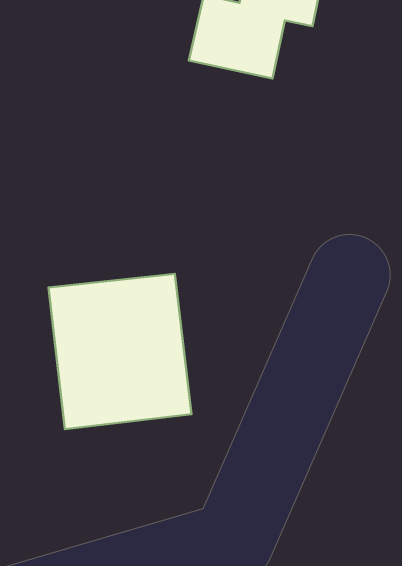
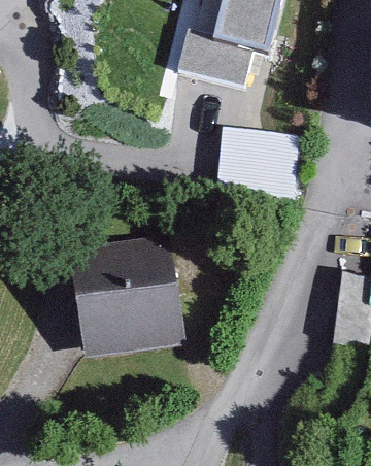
building: none -> [216,127,291,197]

